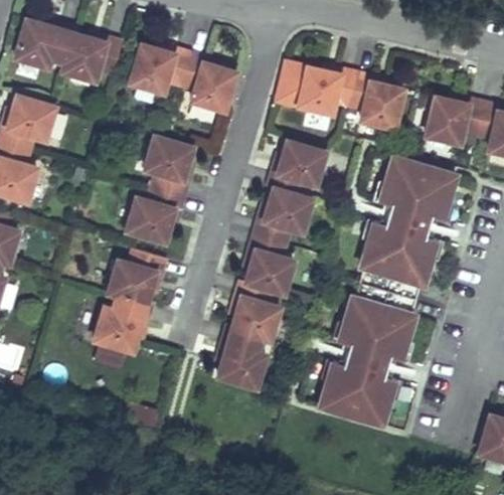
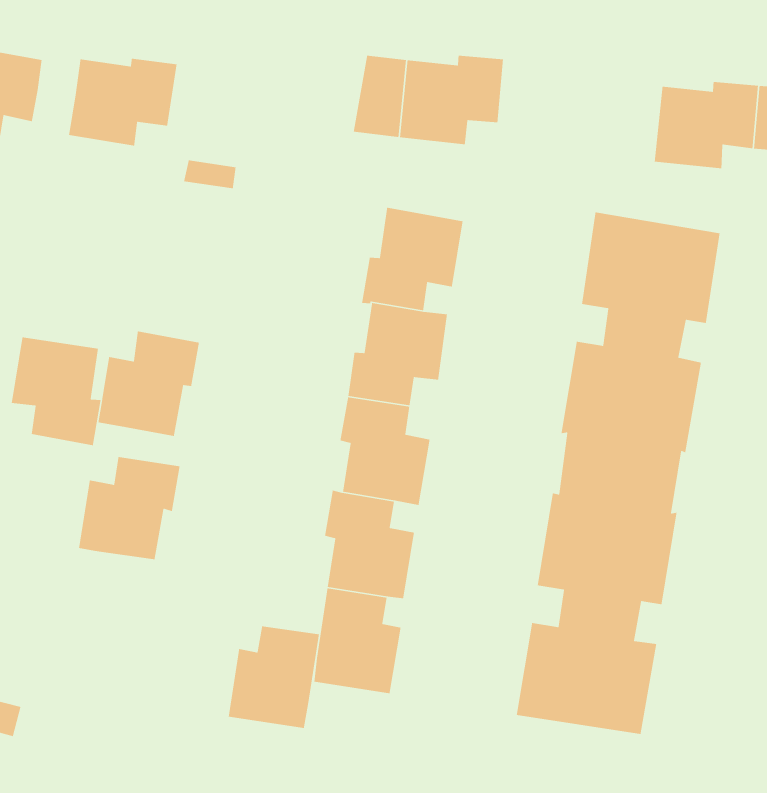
building: [181,54,235,112] -> none
building: [349,73,403,129] -> none
building: [144,137,192,197] -> [11,337,101,446]
building: [94,297,146,352] -> [228,626,320,729]

